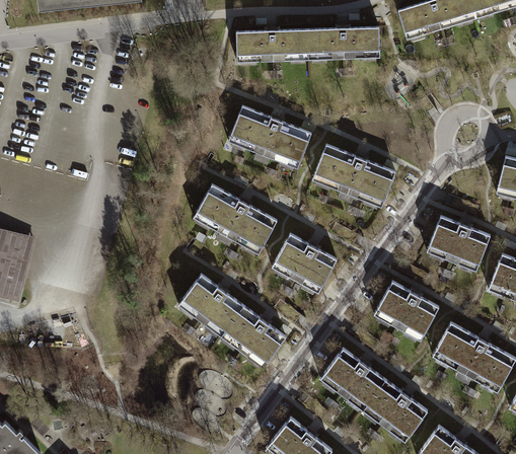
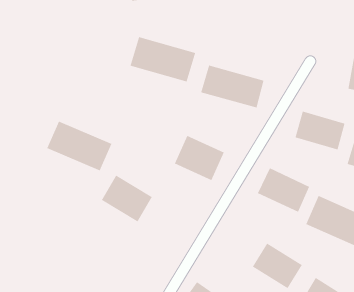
building: [194,184,277,252] -> [46,120,113,172]
building: [222,305,286,366] -> none
building: [319,345,380,402] -> none

